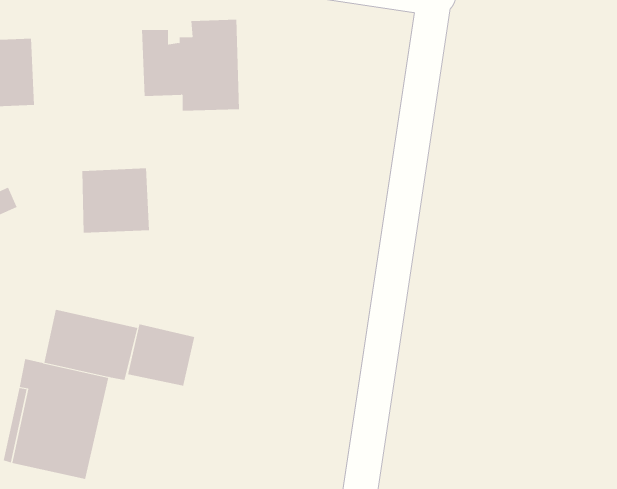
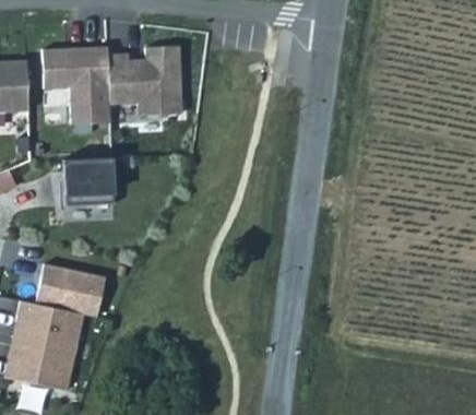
building: none -> [44,47,111,124]
building: [127,324,195,387] -> none

